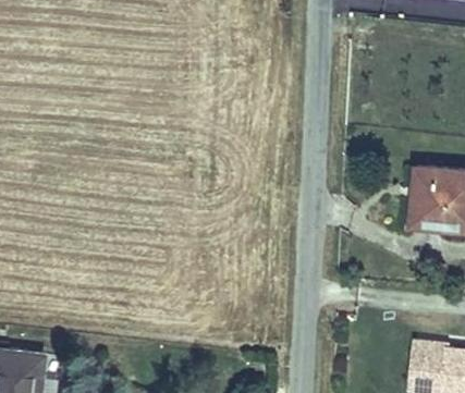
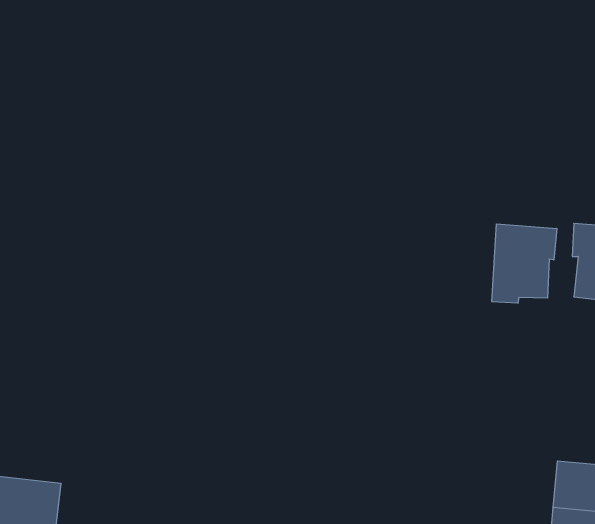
building: none -> [492,224,557,303]

